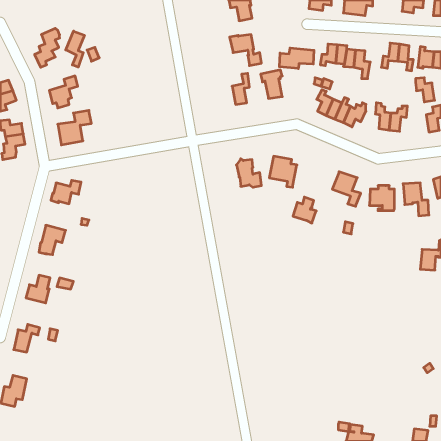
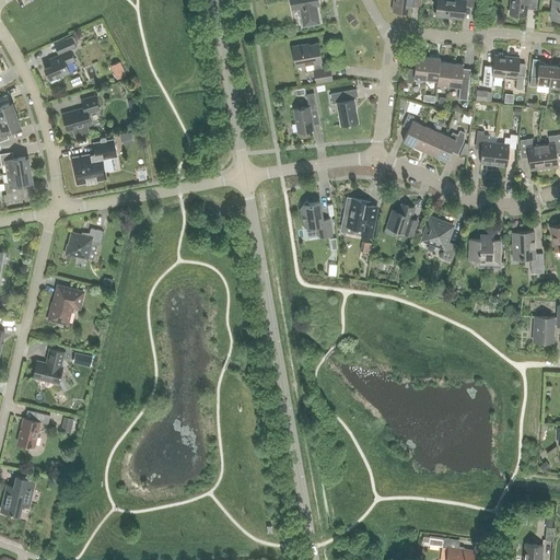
building: [66,31,84,67] -> none
building: [279,48,314,69] -> none
building: [416,78,435,102] -> [520,139,544,170]
building: [293,197,316,223] -> [387,203,417,236]

